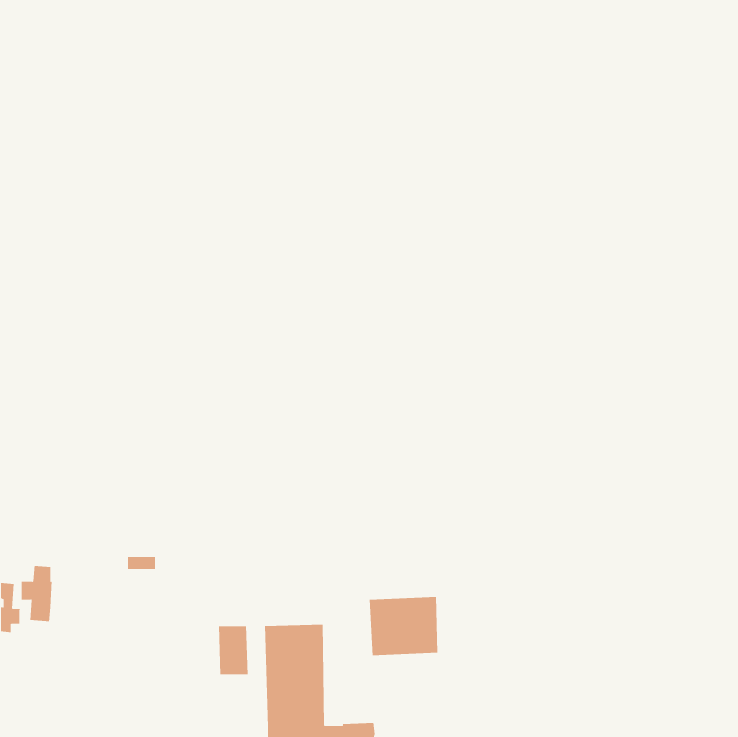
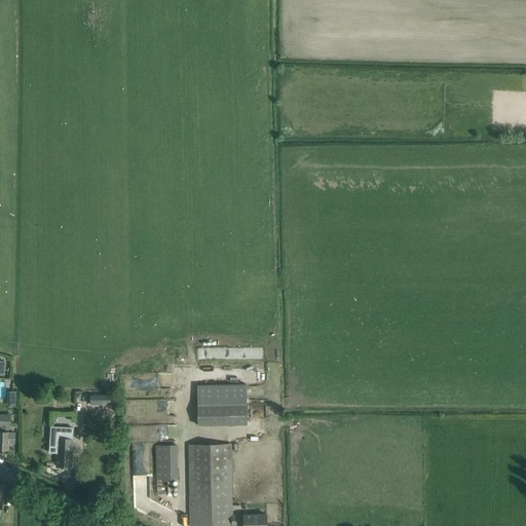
building: [21,565,53,622] -> [50,428,73,468]
building: [369,597,438,656] -> [196,383,246,425]

